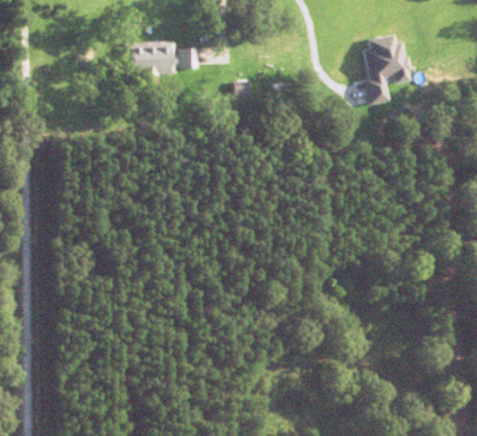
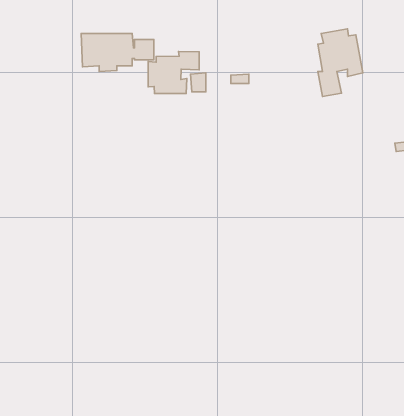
building: none -> [148,52,199,93]

